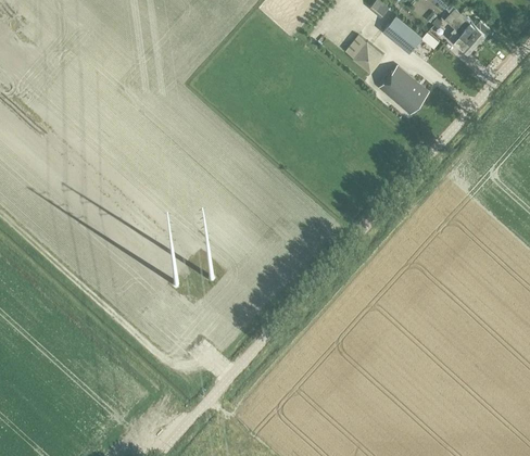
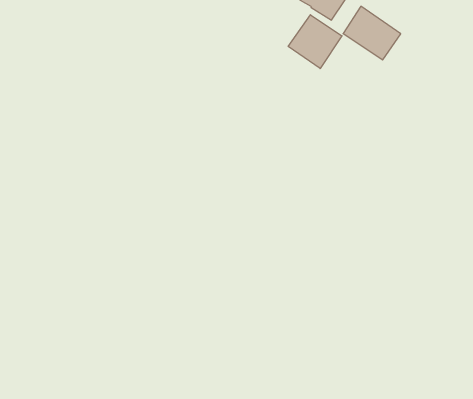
building: none -> [288,15,342,69]

